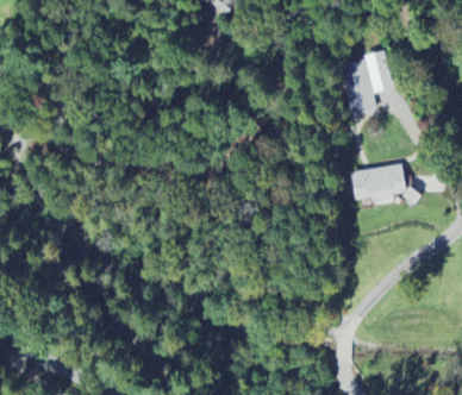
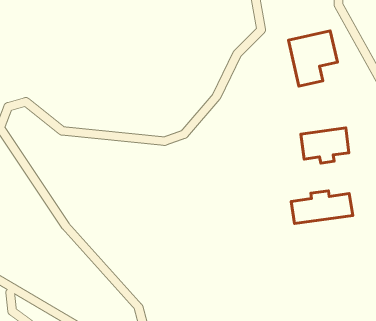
building: none -> [291,191,353,224]

